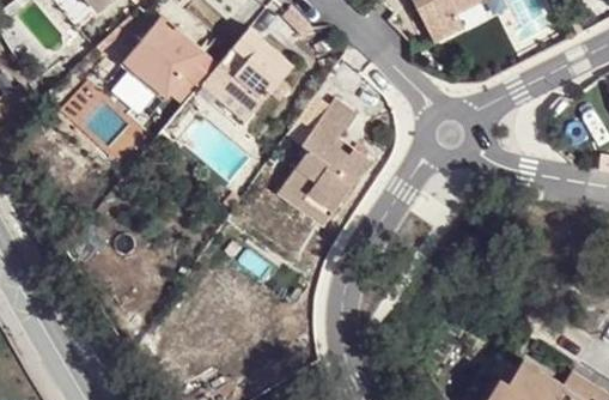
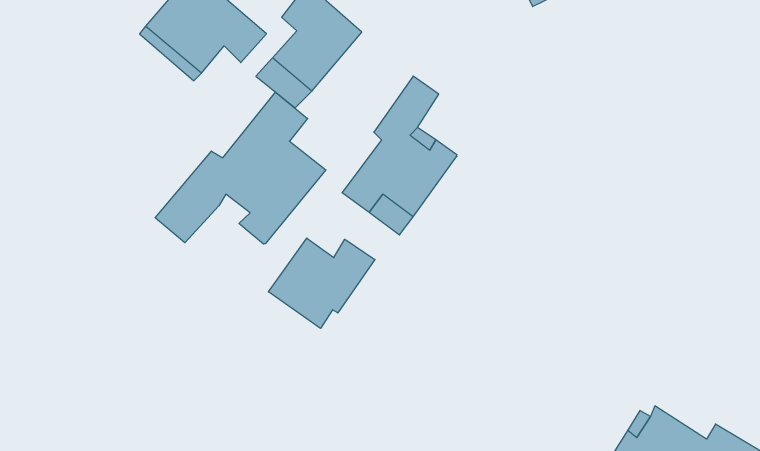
building: none -> [155,92,326,244]
building: none -> [268,238,375,328]

